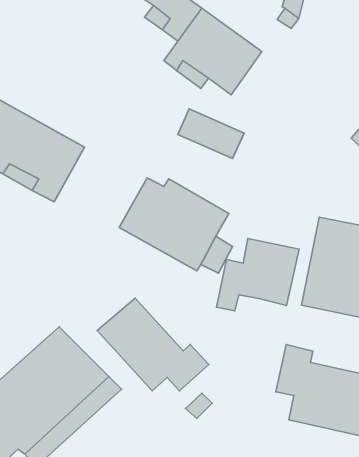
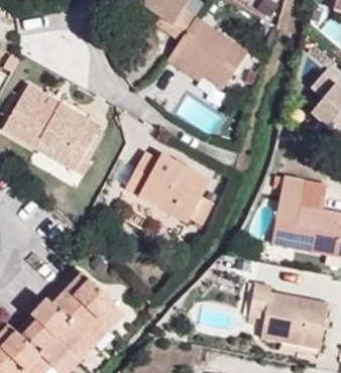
building: [217,239,299,311] -> none
building: [97,298,209,391] -> none

